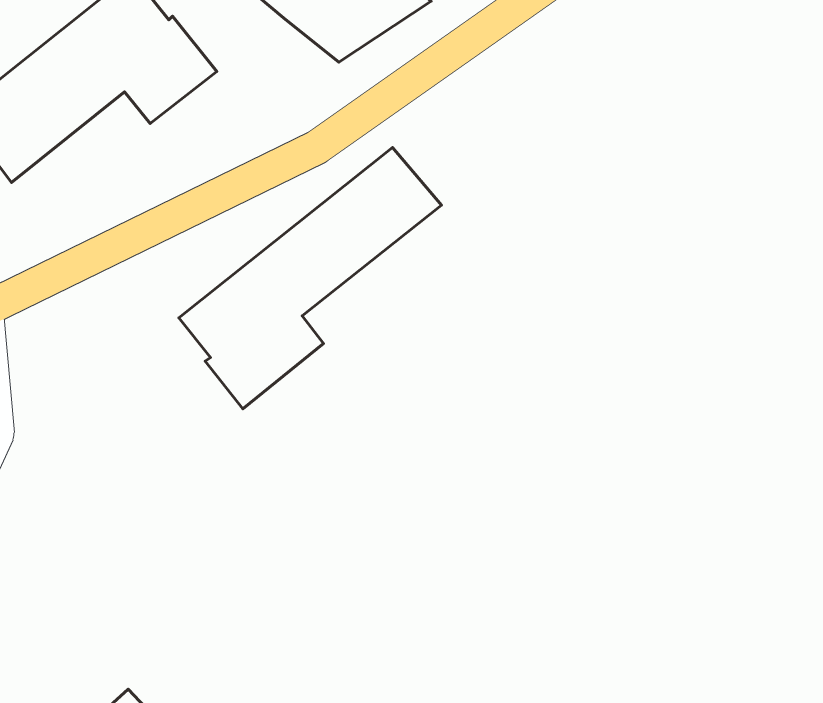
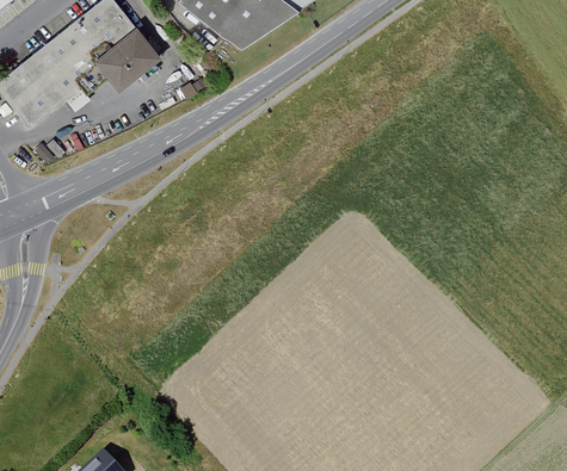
building: [179,148,441,409] -> none

